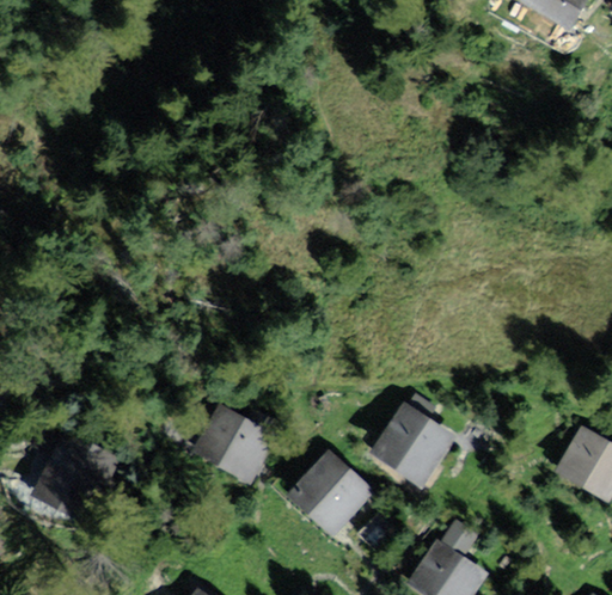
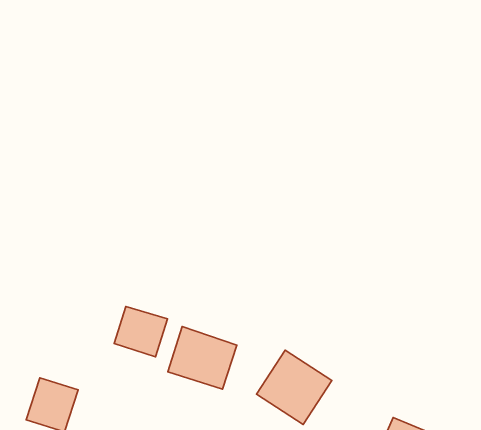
building: none -> [114,306,168,357]
building: [373,401,457,483] -> none

